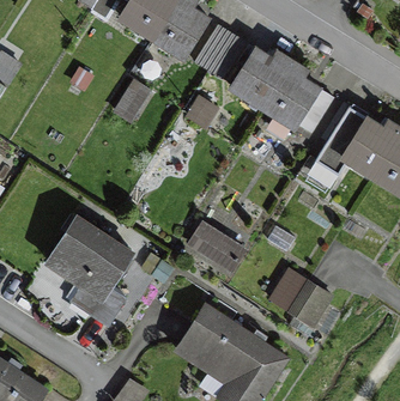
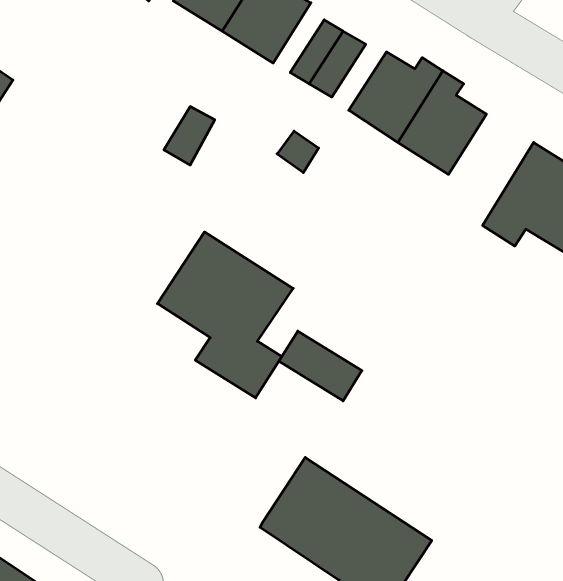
building: [47,218,133,323] -> [157,232,293,398]
building: [272,272,329,324] -> none

